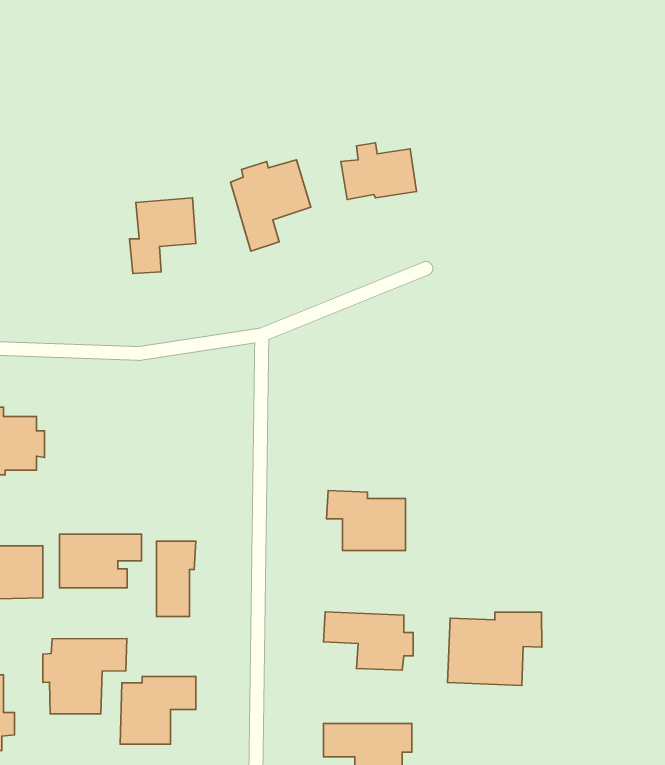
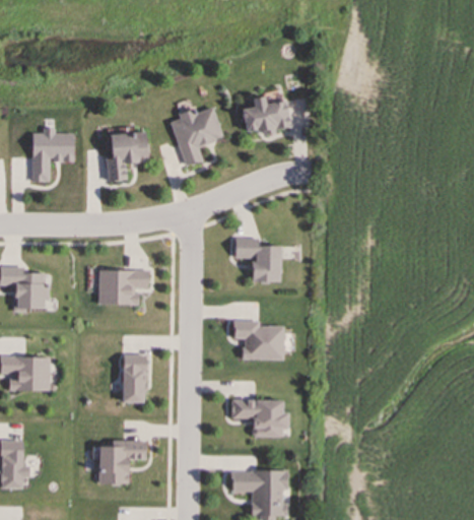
building: none -> [31,128,73,182]
building: none -> [233,238,280,282]
building: [59,534,141,588] -> [96,270,149,305]
building: [448,612,542,685] -> none
building: [43,639,127,714] -> none

